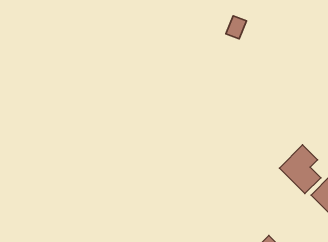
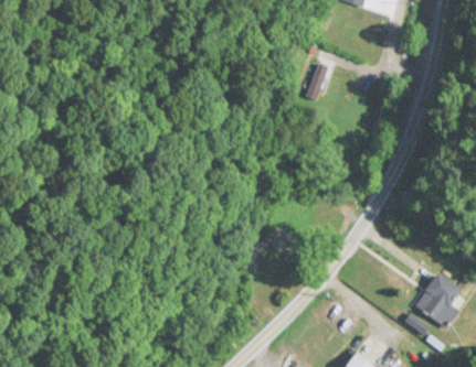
building: [279,145,321,194] -> none

